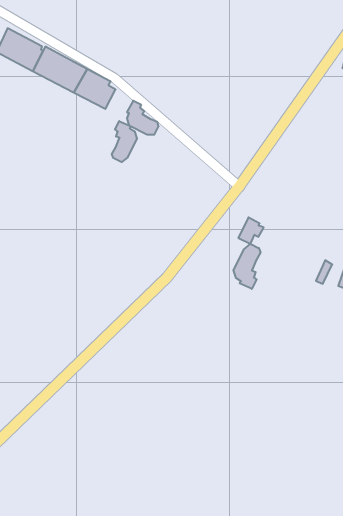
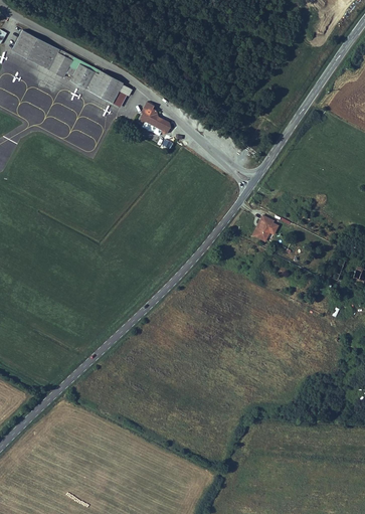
building: [112,121,137,162] -> none
building: [234,244,260,289] -> none

